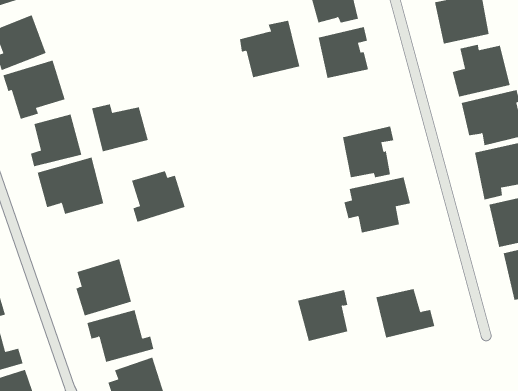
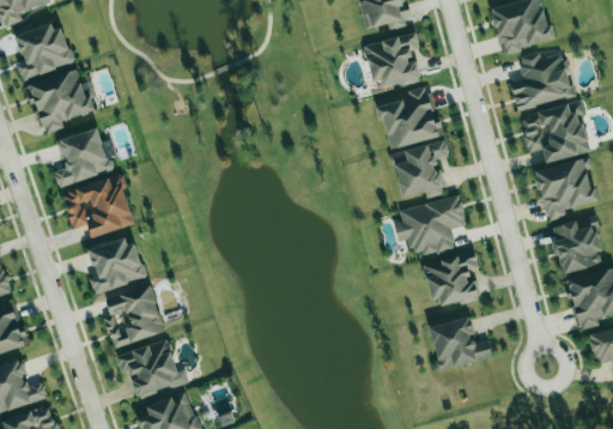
building: [239,20,300,78] -> [375,86,441,149]
building: [91,103,148,152] -> none
building: [131,171,186,223] -> [87,238,146,295]
building: [297,290,348,342] -> [423,252,478,308]

